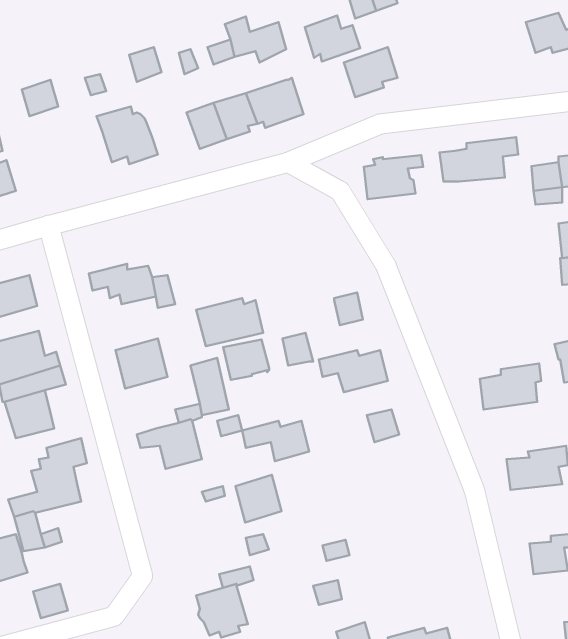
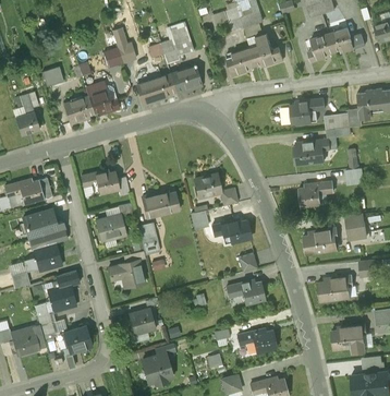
building: [305,16,360,62] -> [251,40,282,67]
building: none -> [308,33,334,61]
building: none -> [66,95,94,123]
building: [364,155,423,199] -> [294,140,328,165]
building: none -> [298,181,333,206]
building: [223,340,269,380] -> [194,173,220,196]
building: [242,421,309,461] -> [227,280,265,303]
building: [236,475,282,523] -> [129,307,155,334]
building: none -> [64,324,92,352]
building: none -> [239,329,277,351]

